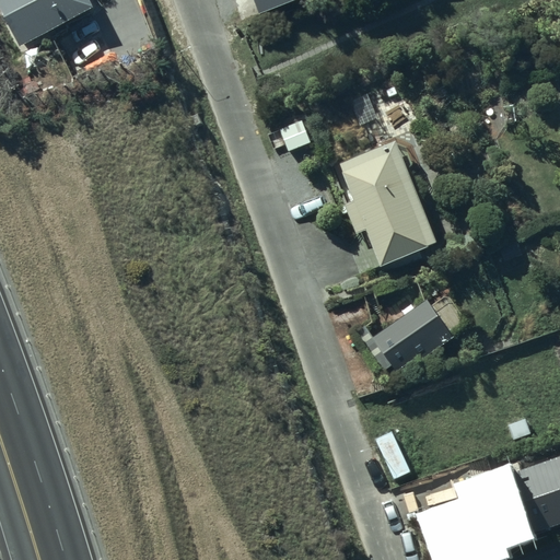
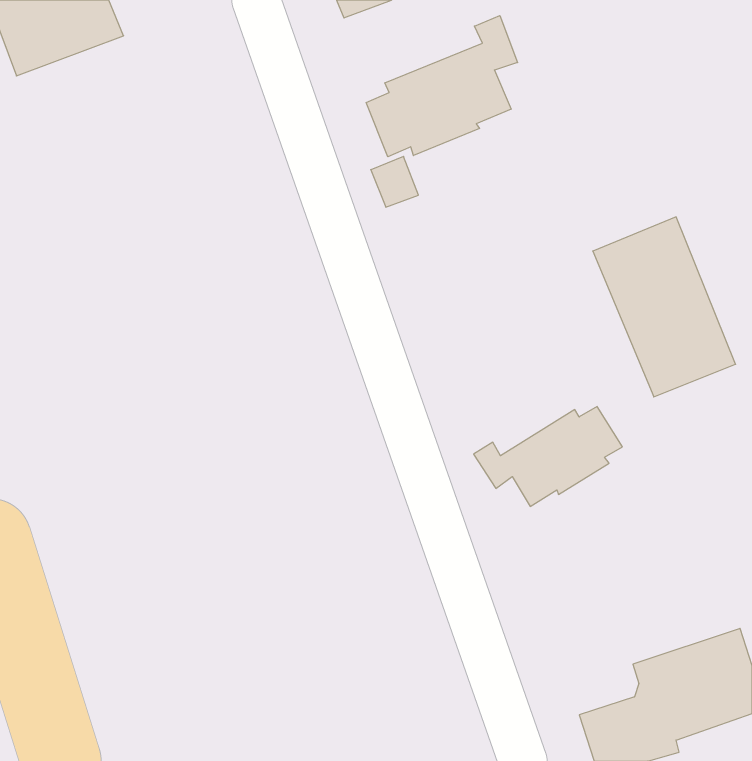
building: none -> [366,16,518,157]
building: [332,133,438,266] -> [593,217,736,397]

